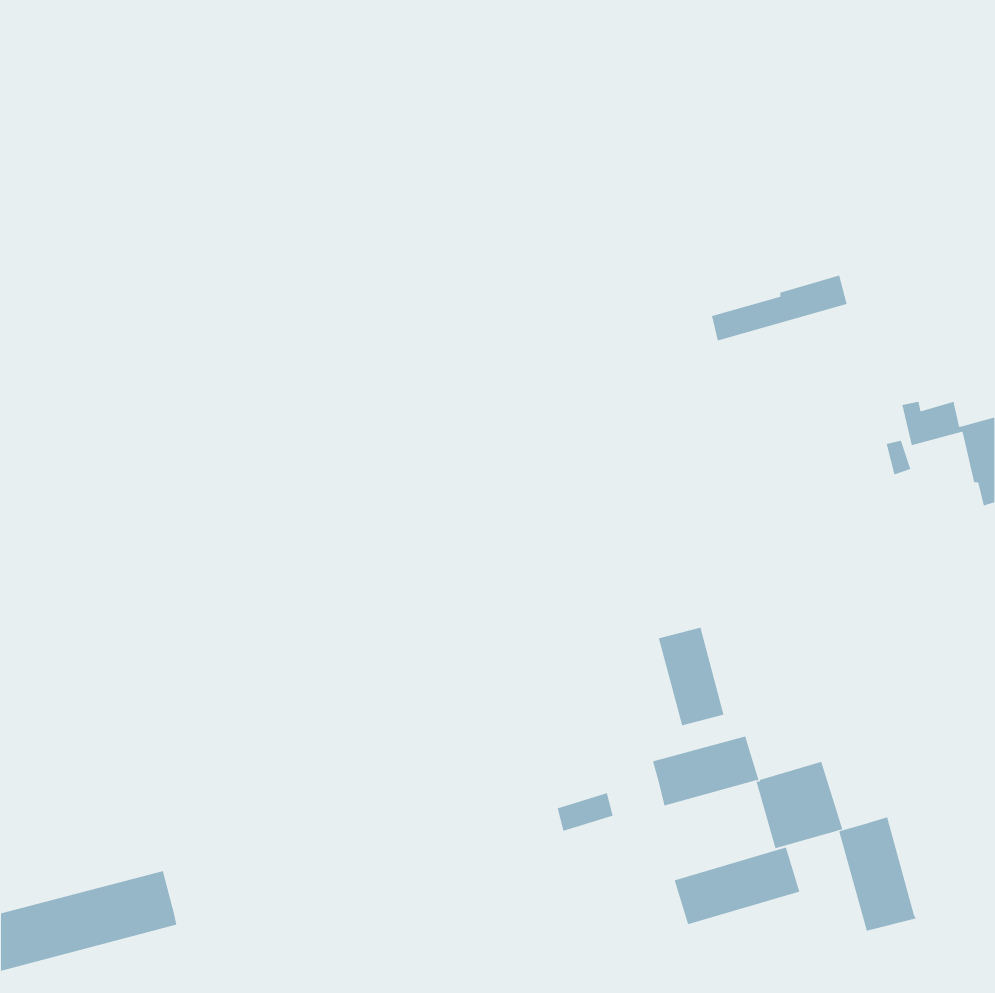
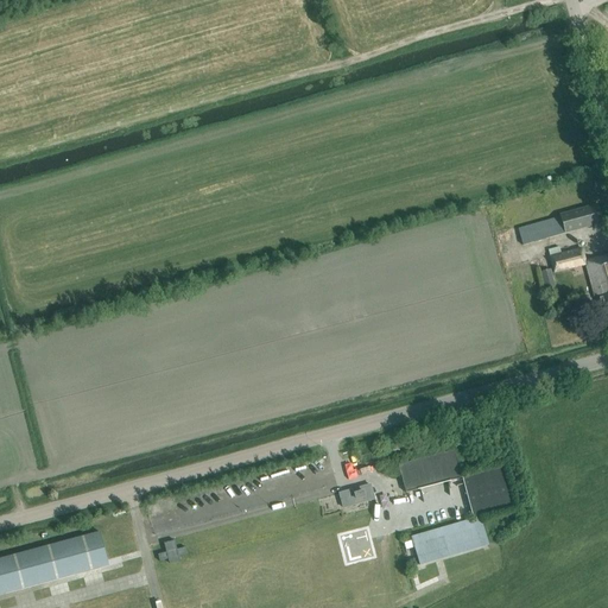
building: [711,275,848,341] -> [519,203,602,243]
building: [658,627,724,726] -> none
building: [838,817,917,931] -> none

